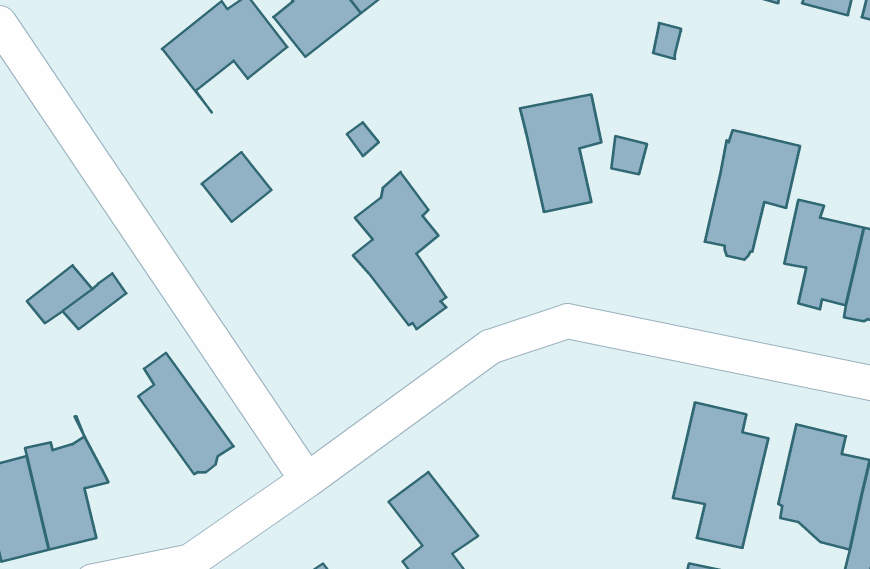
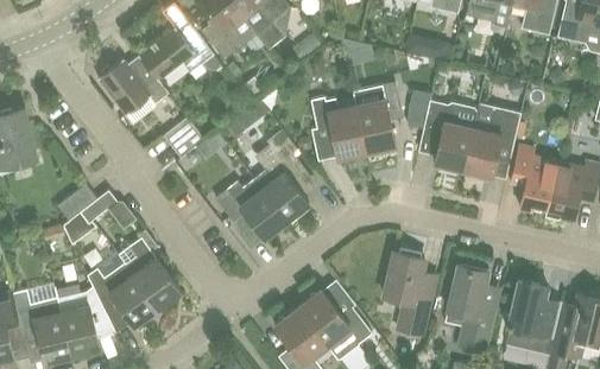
building: none -> [97,56,169,116]
building: none -> [311,98,367,159]
building: none -> [428,102,476,174]
building: none -> [215,179,286,238]
building: none -> [384,253,436,336]
building: none -> [88,262,158,326]
building: none -> [298,291,372,360]

